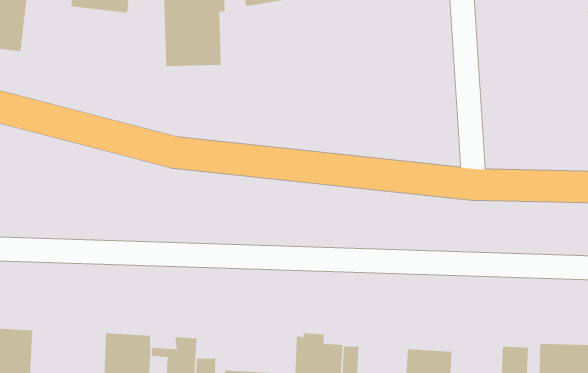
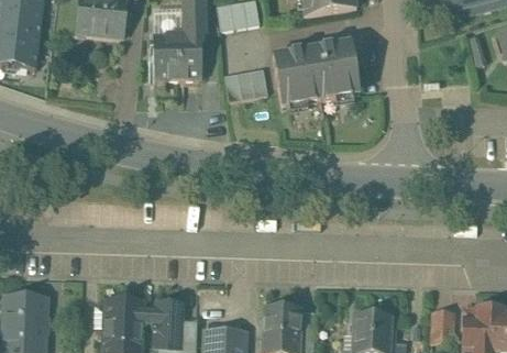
building: none -> [273,41,360,107]
building: none -> [224,67,268,99]

